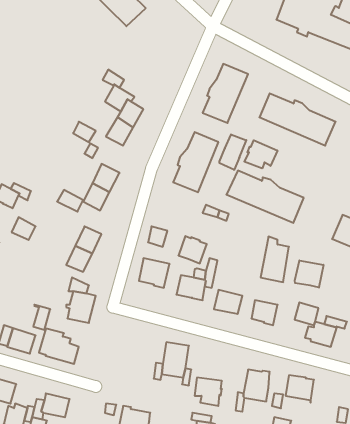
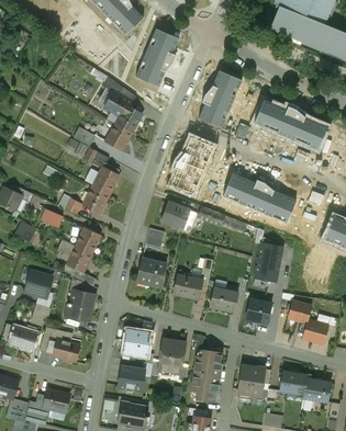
building: none -> [136,29,179,87]
building: [219,134,246,170] -> none
building: [244,140,277,168] -> none
building: [178,236,207,263] -> [161,202,189,228]
building: [295,260,323,288] -> none
building: none -> [23,270,53,297]
building: none -> [123,329,150,355]
building: none -> [193,350,221,376]
building: none -> [118,365,145,392]
building: none -> [303,375,331,401]

